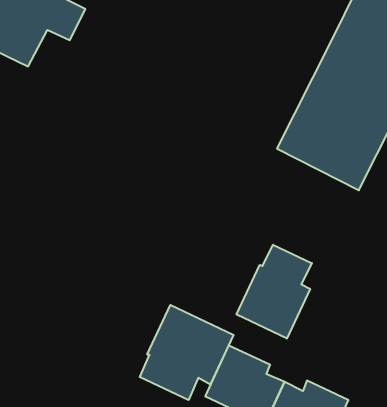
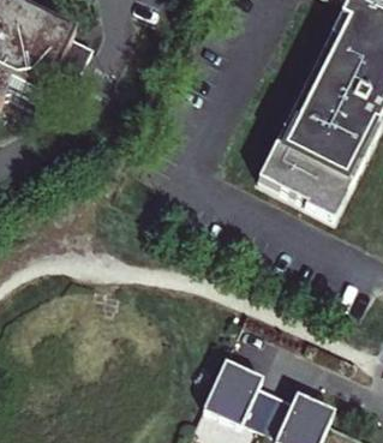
building: [237,245,312,339] -> none
building: [140,305,234,400] -> none

